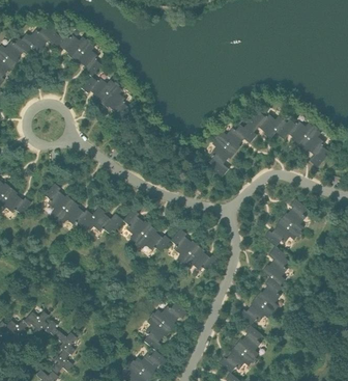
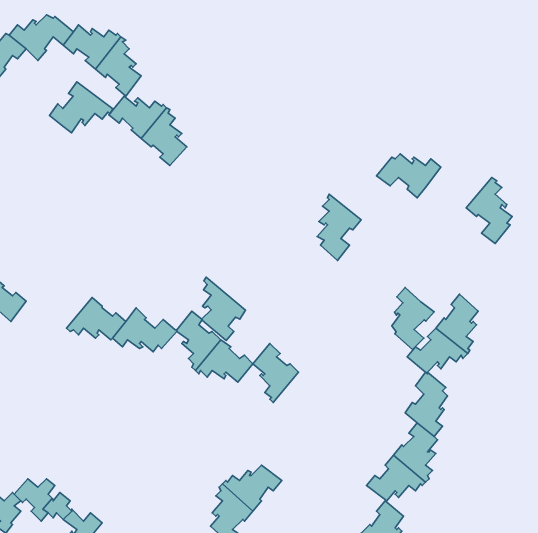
building: none -> [50,82,113,133]
building: [274,118,315,144] -> none
building: [215,124,256,152] -> none
building: [44,183,70,218] -> none
building: none -> [202,277,246,341]
building: none -> [392,287,434,350]
building: [181,245,216,271] -> none

